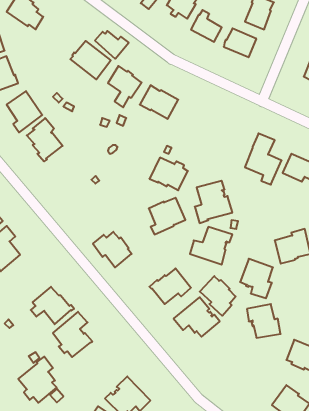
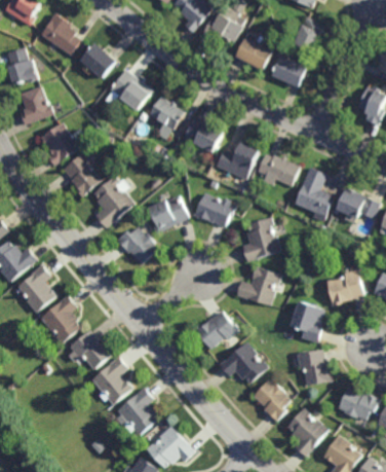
building: [95,31,129,59] -> [80,46,116,76]
building: none -> [216,139,260,179]
building: none -> [257,153,299,185]
building: none -> [92,175,133,228]
building: [149,198,185,234] -> [150,194,189,233]
building: [93,232,132,267] -> [116,226,157,264]
building: none -> [40,295,81,343]
building: [200,276,236,316] -> [253,379,291,422]
building: [18,357,57,403] -> [116,387,157,436]
building: none -> [286,407,329,457]

